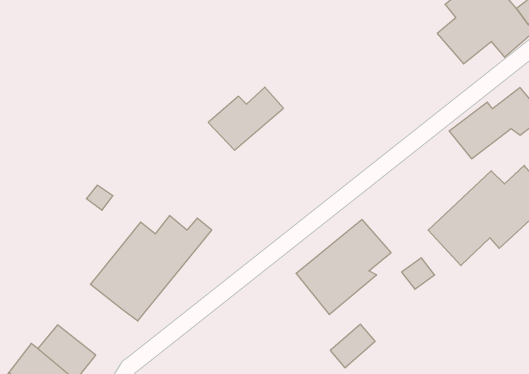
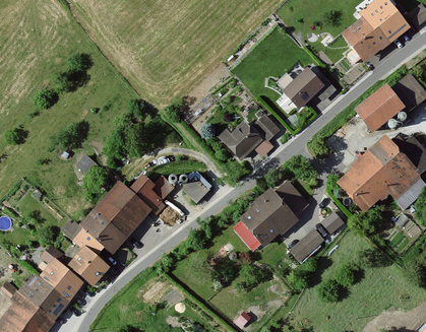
building: none -> [279,63,326,110]
building: [208,87,283,150] -> [224,113,282,161]
building: none -> [176,165,209,199]
building: none -> [53,227,108,289]
building: [330,324,375,368] -> [290,225,324,259]

